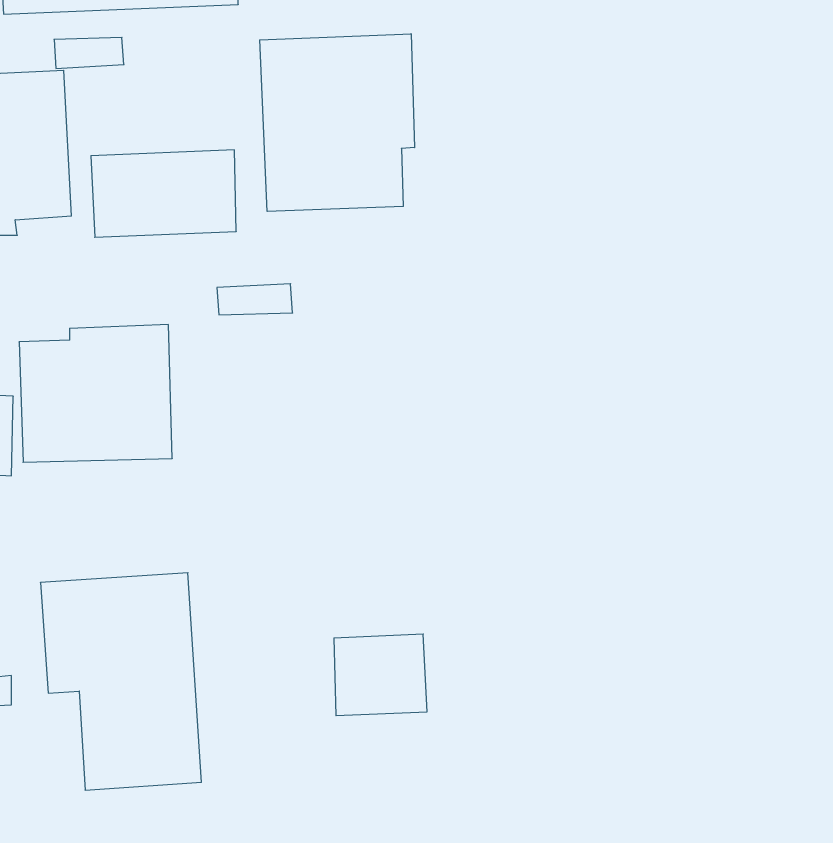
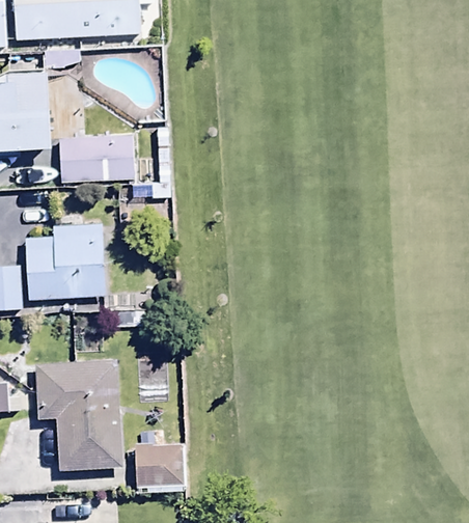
building: [260,34,415,211] -> none
building: [334,634,427,716] -> [135,443,185,487]

